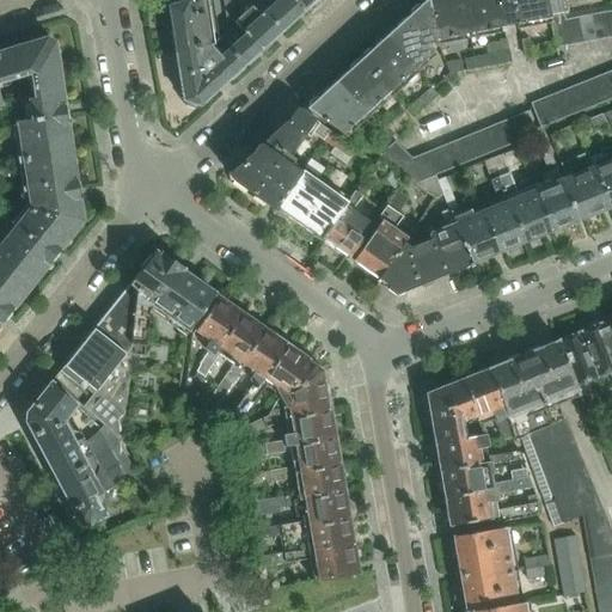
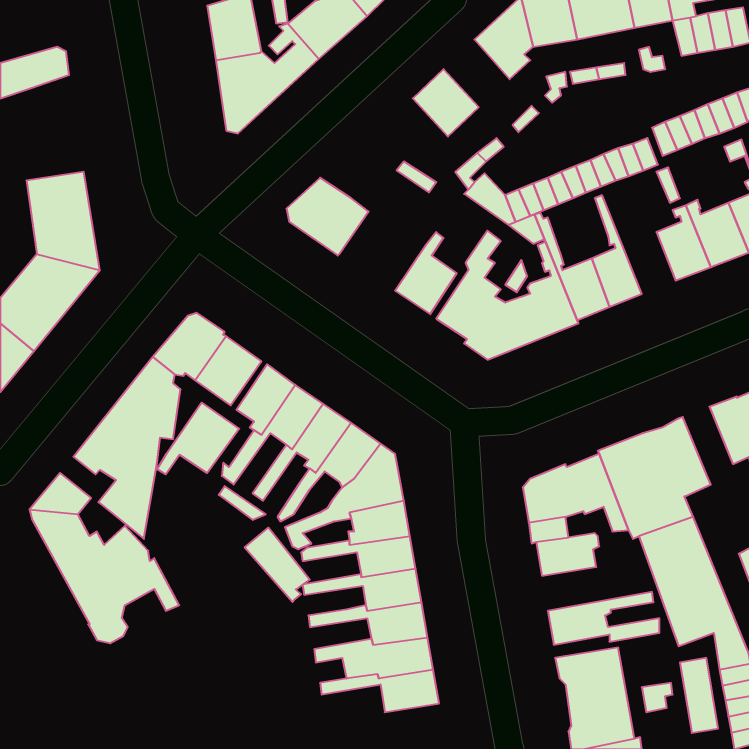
building: [362,32,416,87] -> none
building: [19,61,69,147] -> none
building: [308,80,366,131] -> none
building: [262,110,320,161] -> none
building: [491,155,551,239] -> none
building: [277,169,348,238] -> none
building: none -> [157,403,239,474]
building: [557,331,598,386] -> none
building: none -> [245,528,310,602]
building: [442,455,532,497] -> none

